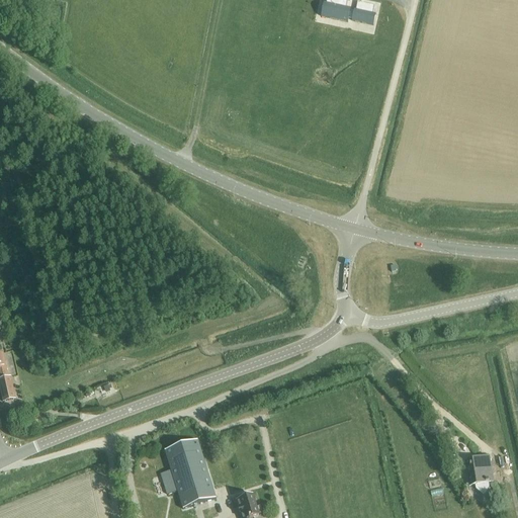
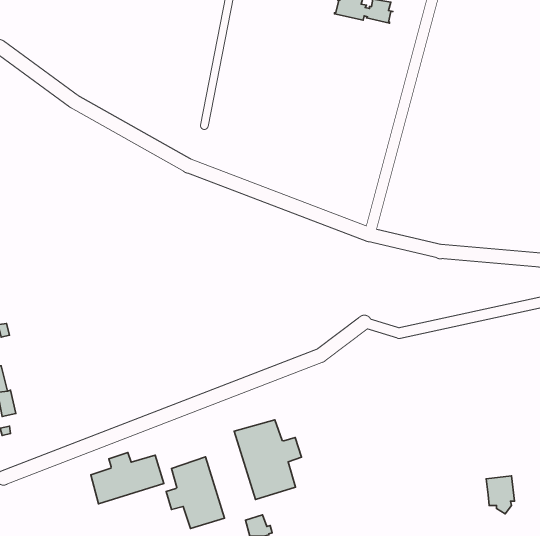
building: none -> [234,420,302,499]
building: none -> [91,453,164,504]

